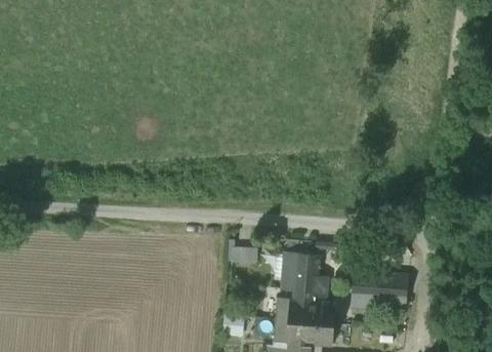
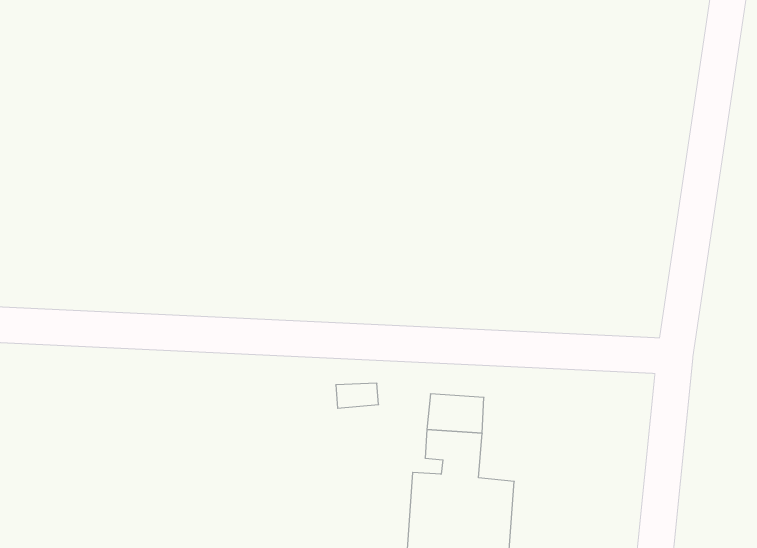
building: [353,273,396,301] -> none

